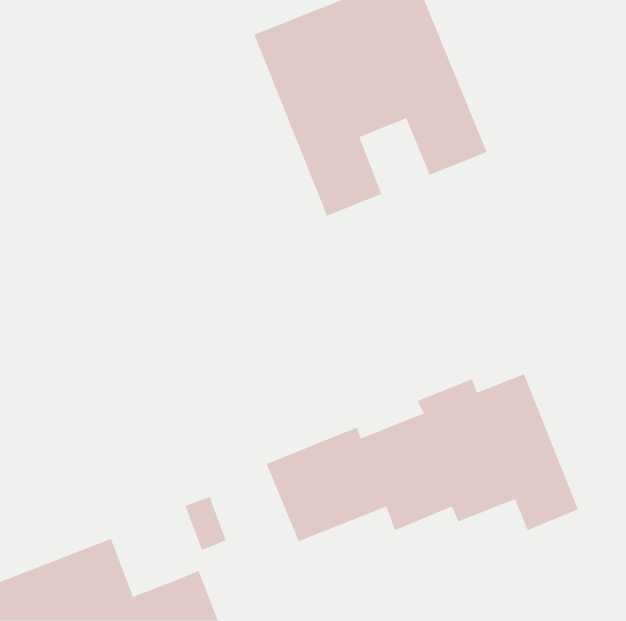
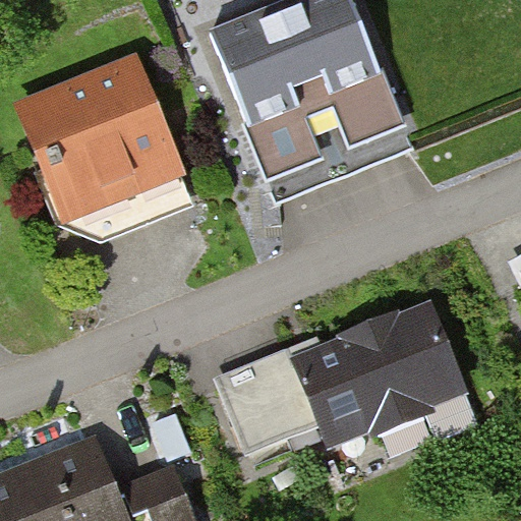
building: none -> [20,58,177,227]

